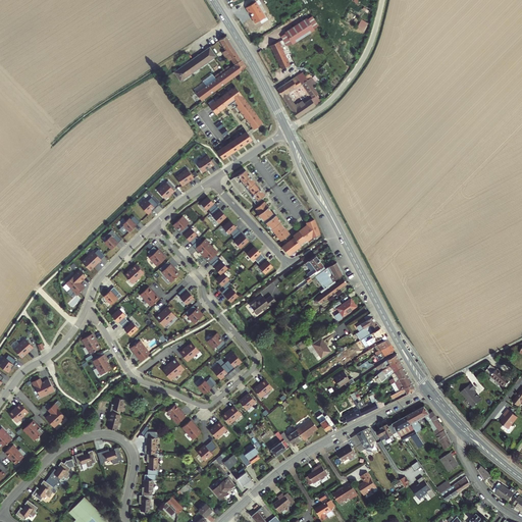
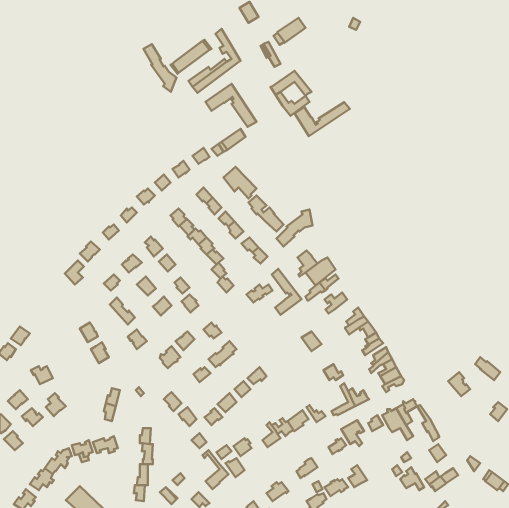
building: none -> [144,44,176,92]
building: none -> [294,102,350,136]
building: none -> [272,269,302,315]

